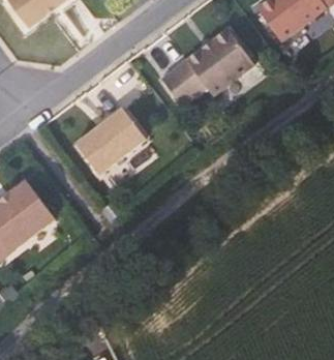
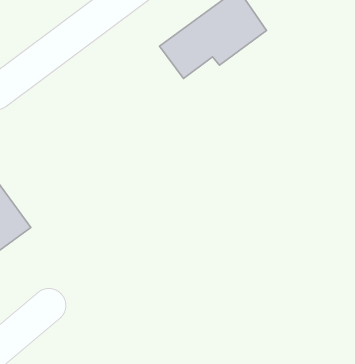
building: [70,120,141,186] -> none

